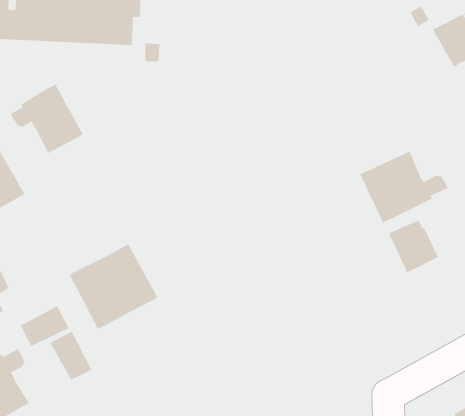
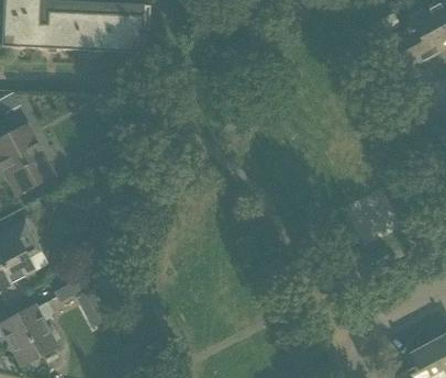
building: [10,83,84,154] -> none
building: [360,151,448,224] -> none
building: [69,243,158,330] -> none

